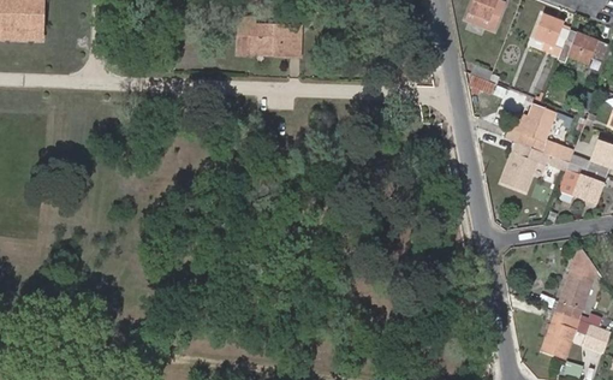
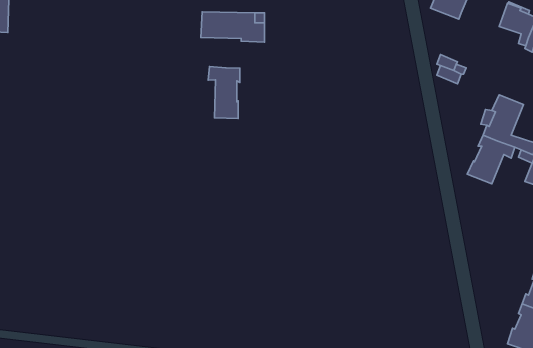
building: none -> [208,66,240,119]

